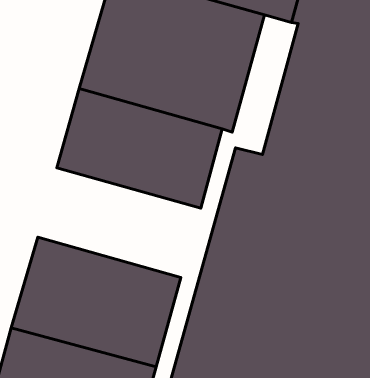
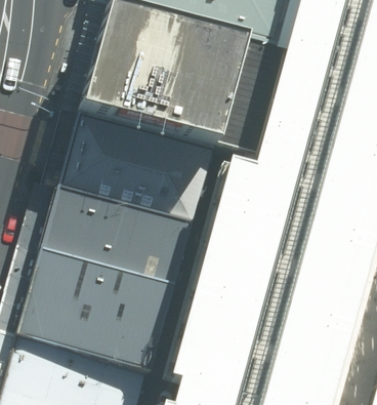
building: none -> [41,192,191,292]

